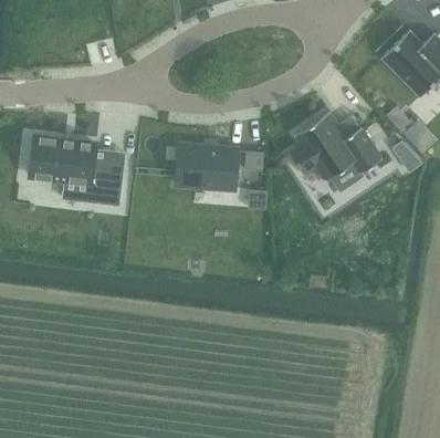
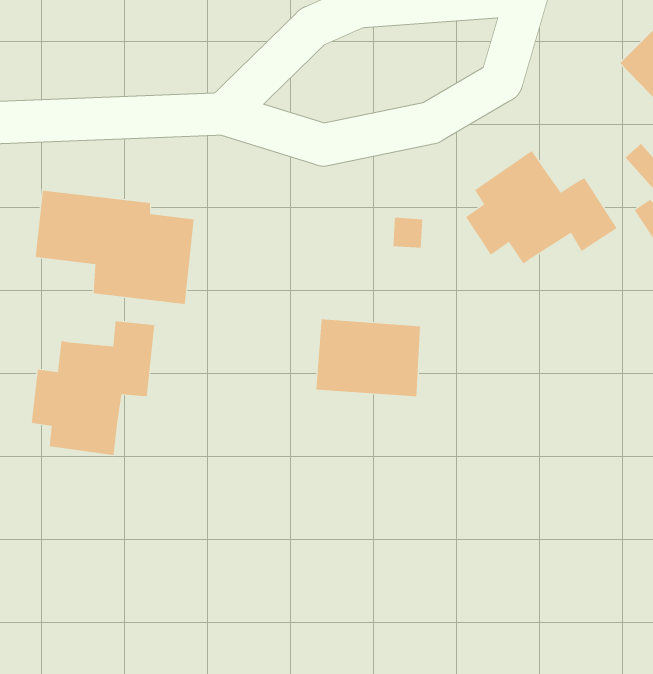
building: [174,142,238,189] -> [316,319,421,397]
building: none -> [31,320,155,456]

